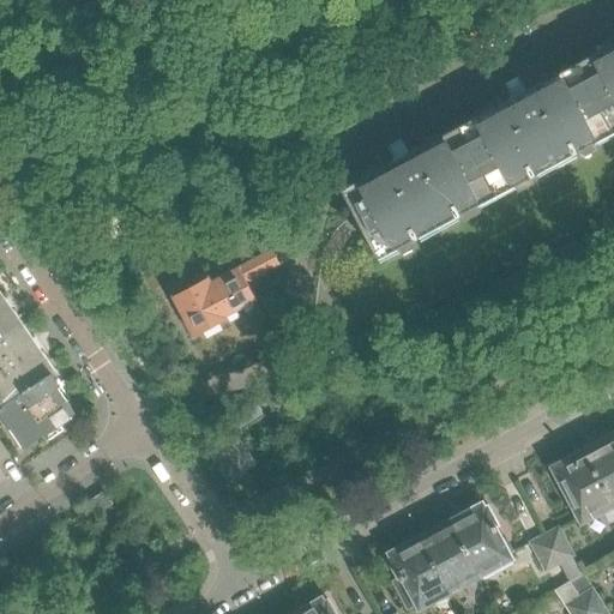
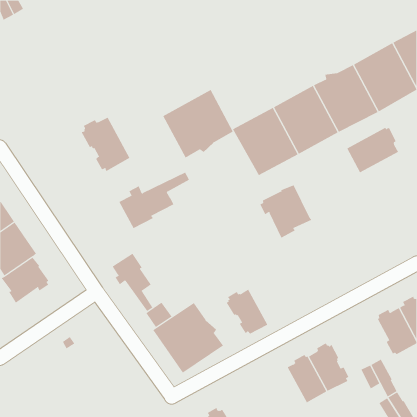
building: none -> [163,89,234,158]
building: none -> [81,117,130,172]
building: none -> [347,127,399,173]
building: none -> [260,184,312,238]
building: none -> [112,253,153,312]
building: none -> [153,302,224,373]
building: [387,540,450,607] -> [226,289,268,335]

